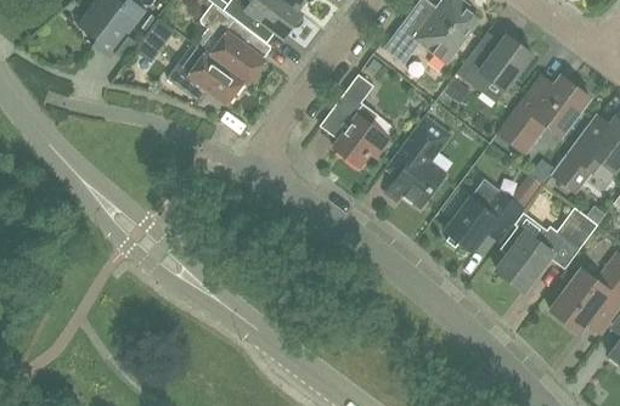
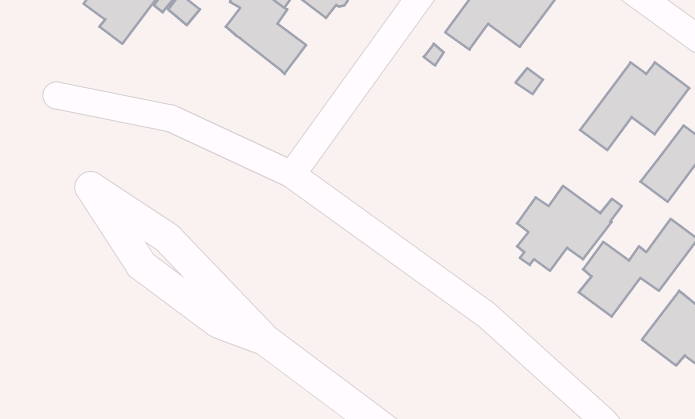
building: [456,35,532,92] -> none
building: [167,52,243,105] -> none
building: [332,74,389,167] -> none
building: [384,115,449,207] -> none

